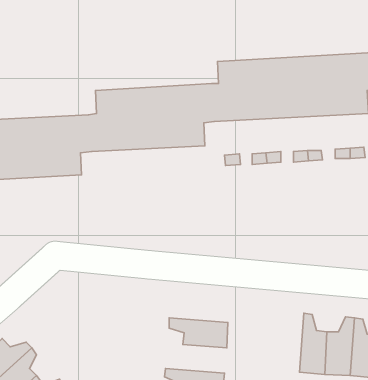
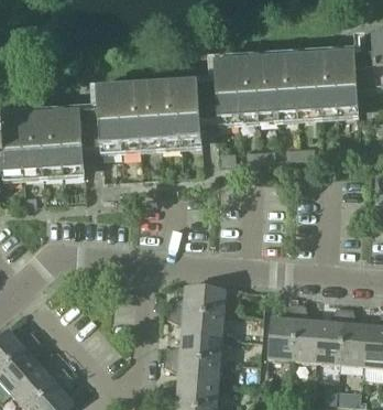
building: none -> [167,285,226,312]
building: none -> [267,303,296,359]
building: none -> [164,333,222,360]

